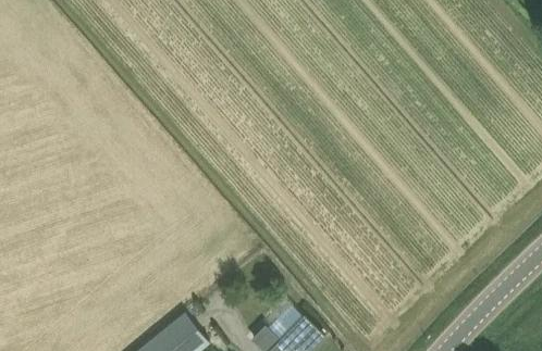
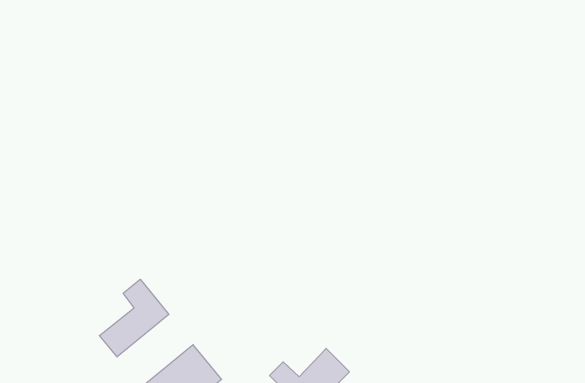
building: none -> [99,279,169,357]

